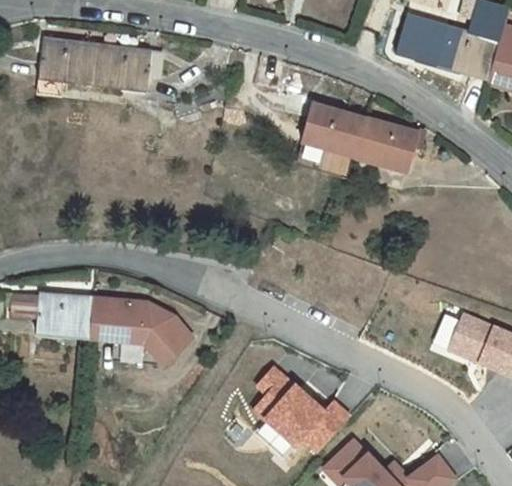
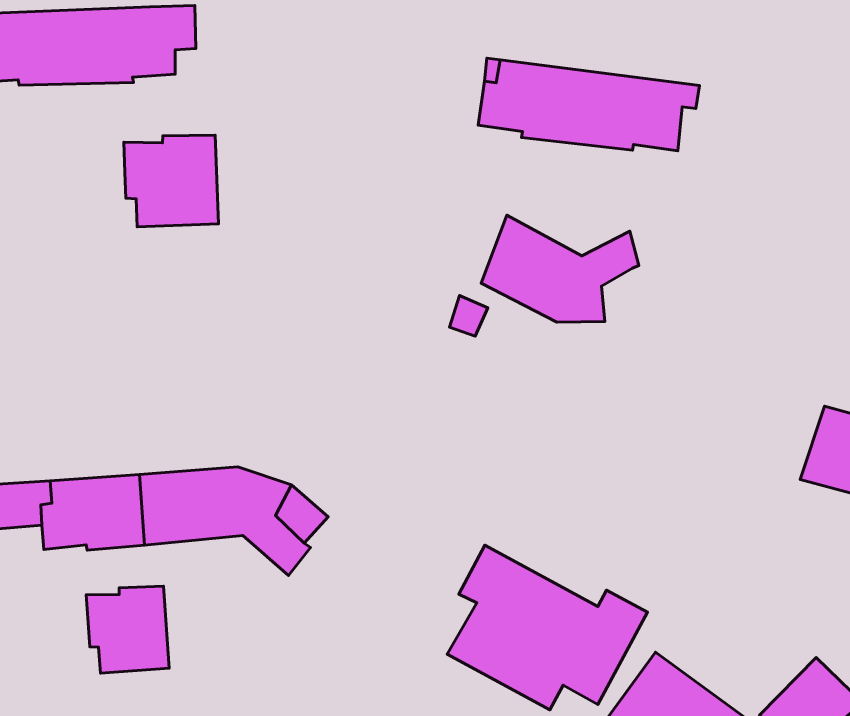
building: none -> [124,135,219,227]
building: none -> [481,215,639,322]
building: none -> [86,586,169,673]

